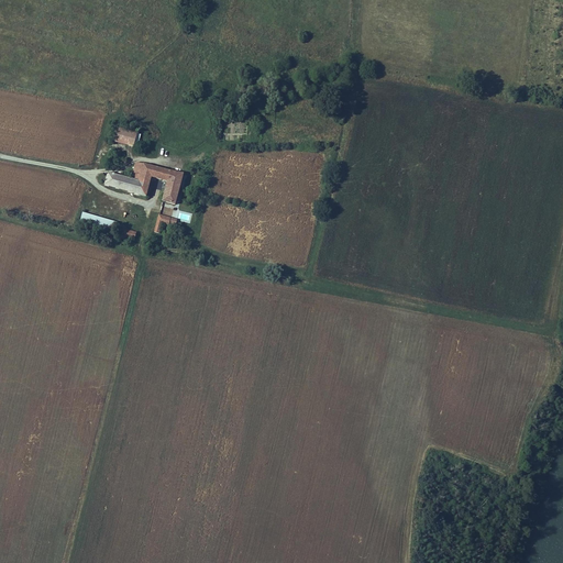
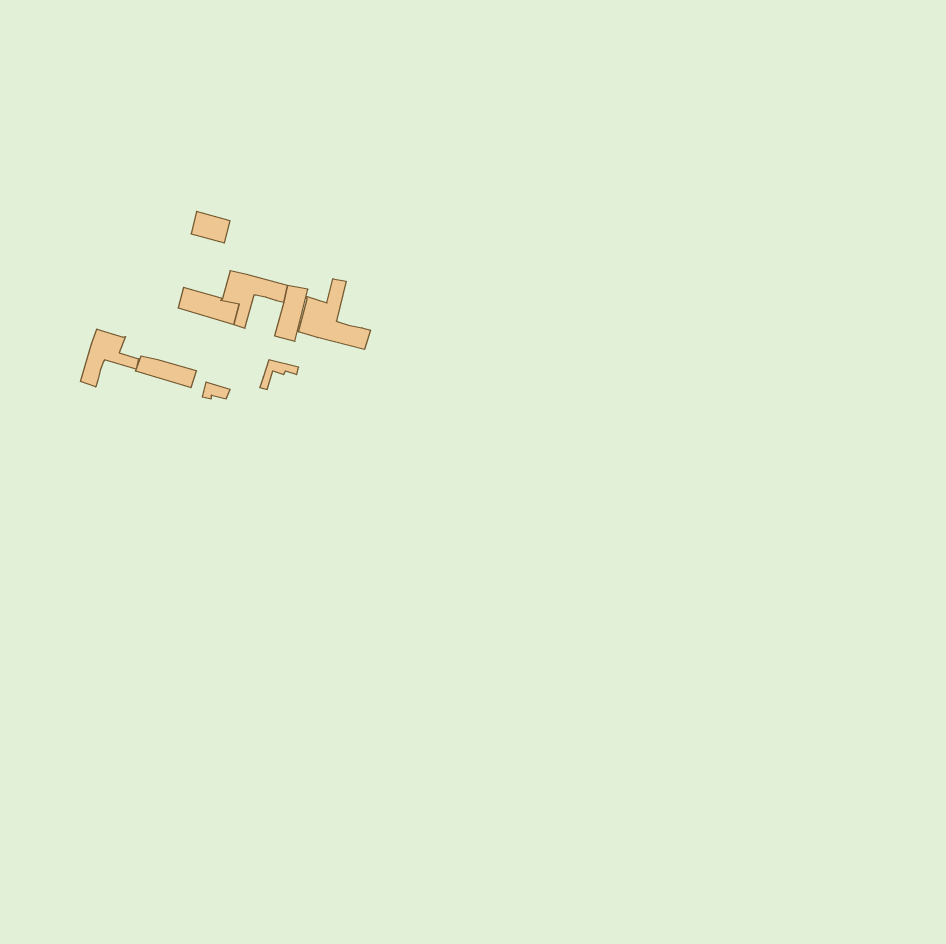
building: none -> [299,279,370,349]
building: none -> [80,329,139,387]

